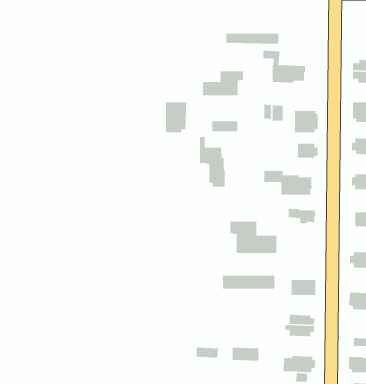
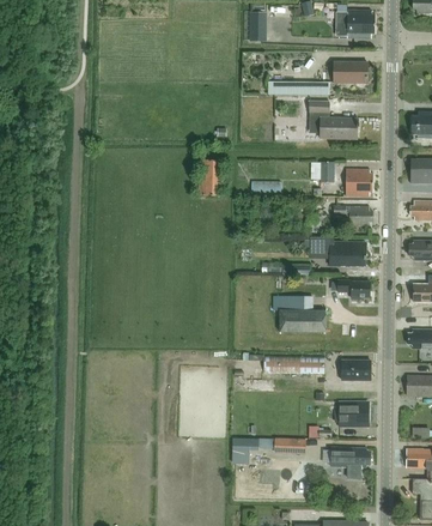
building: none -> [333,61,367,83]
building: [202,71,244,96] -> none
building: [199,136,226,187] -> none

